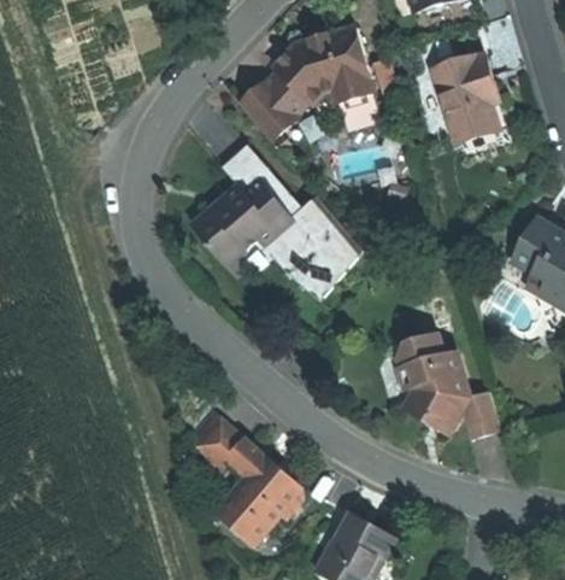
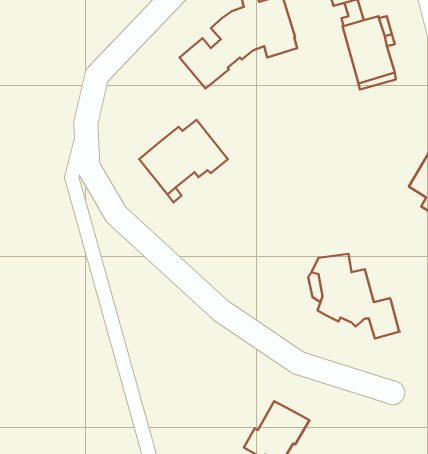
building: [220,146,361,294] -> none
building: [193,411,300,543] -> none

